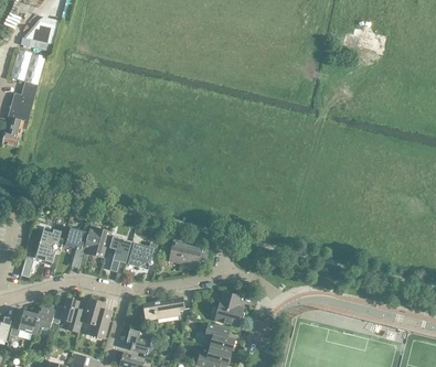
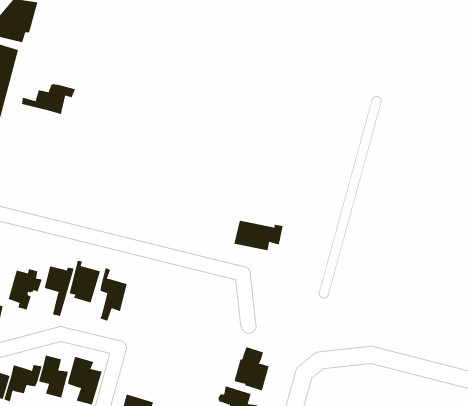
building: none -> [22,84,76,115]
building: [168,241,208,266] -> [234,220,284,251]
building: [127,242,157,269] -> none
building: [142,296,183,320] -> none

